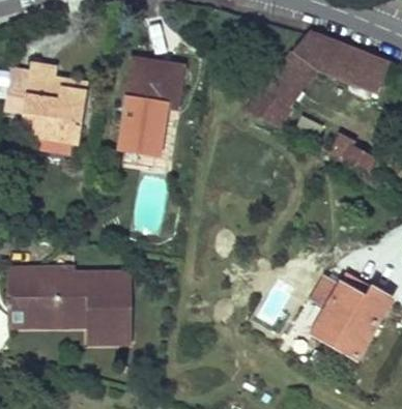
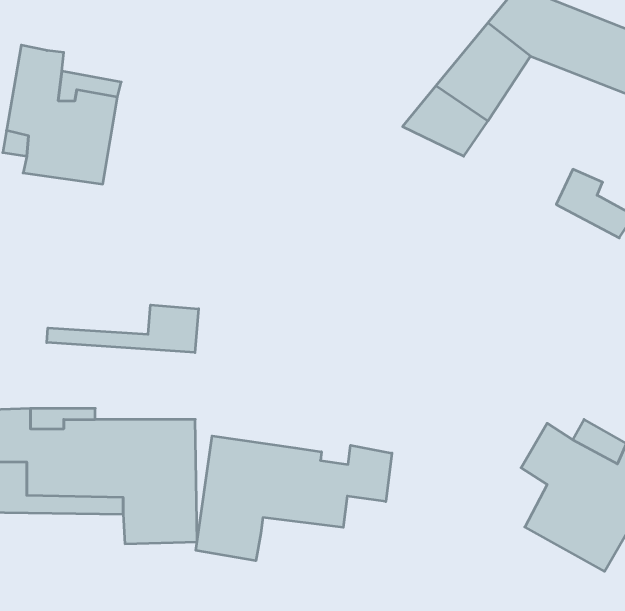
building: [119,60,181,153] -> none
building: none -> [47,305,199,353]
building: none -> [196,436,392,561]

